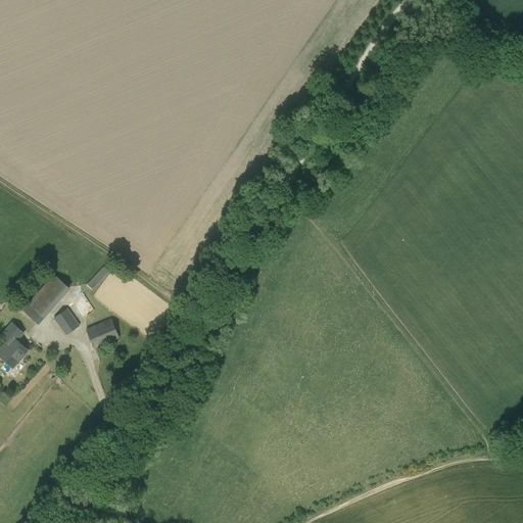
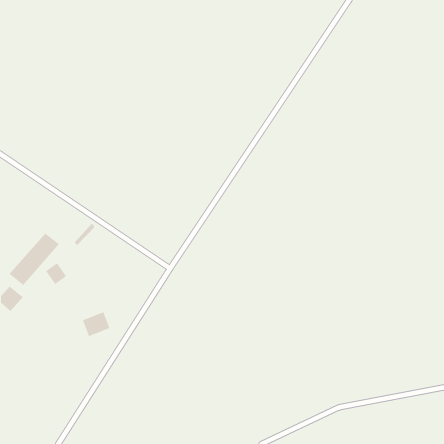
building: [86,319,118,348] -> [82,312,110,337]

